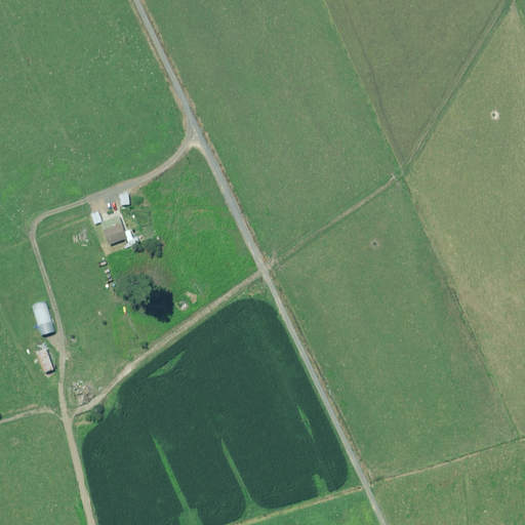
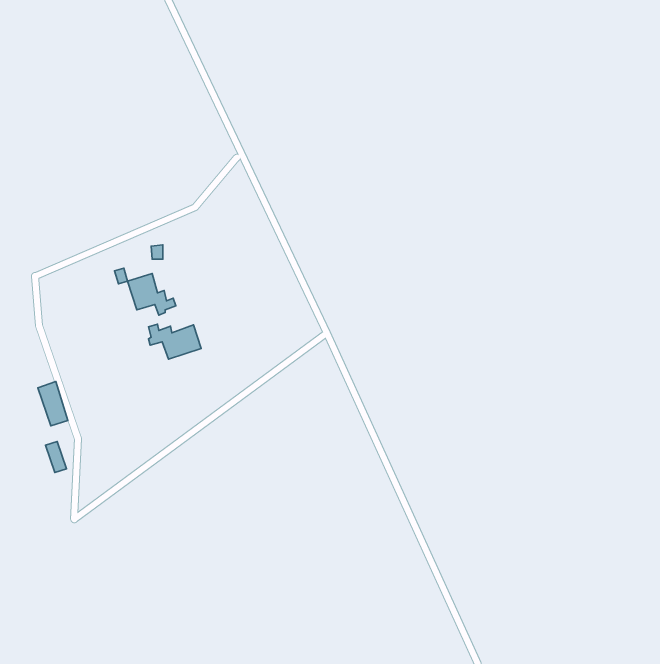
building: none -> [148,324,201,359]

